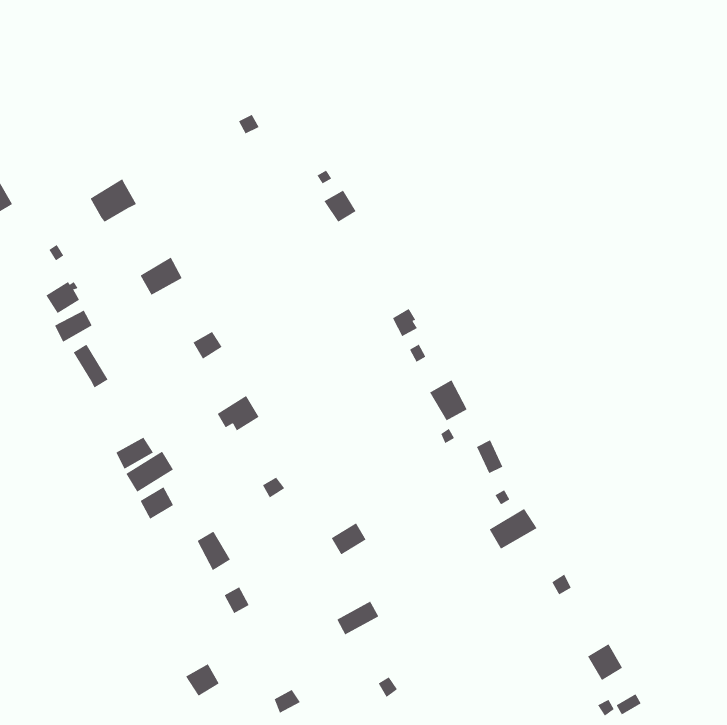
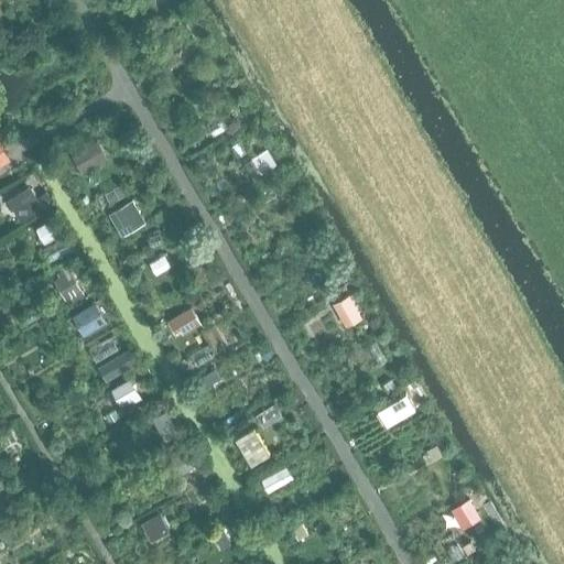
building: none -> [7,187,43,223]
building: none -> [73,303,107,336]
building: none -> [240,430,270,469]

